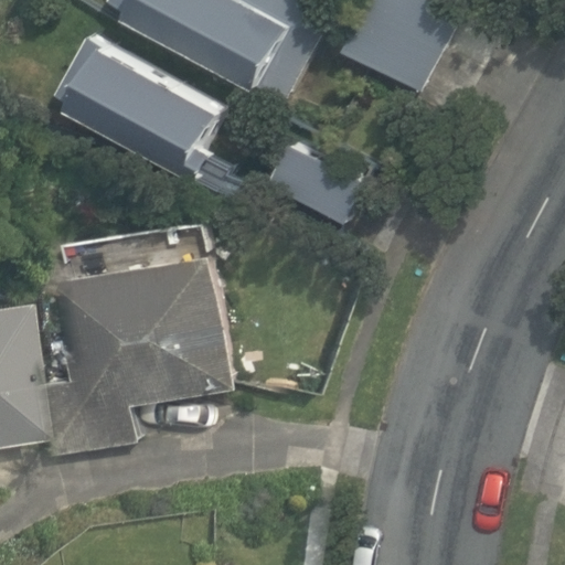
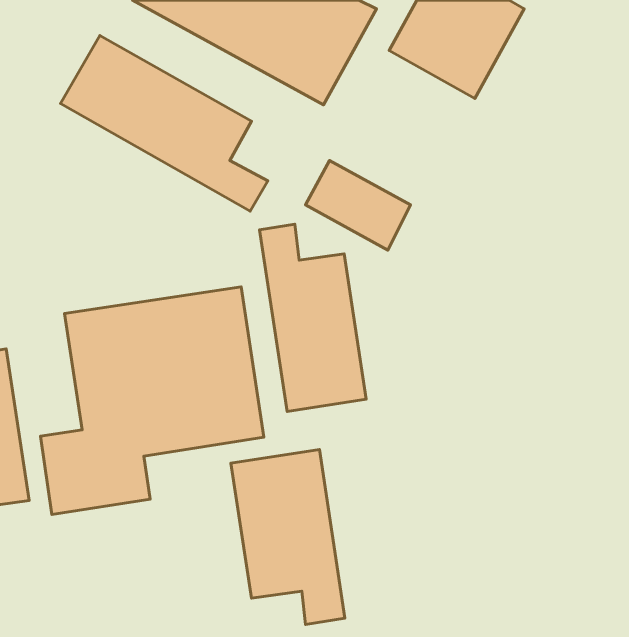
building: none -> [260,224,366,412]
building: none -> [231,450,345,625]

